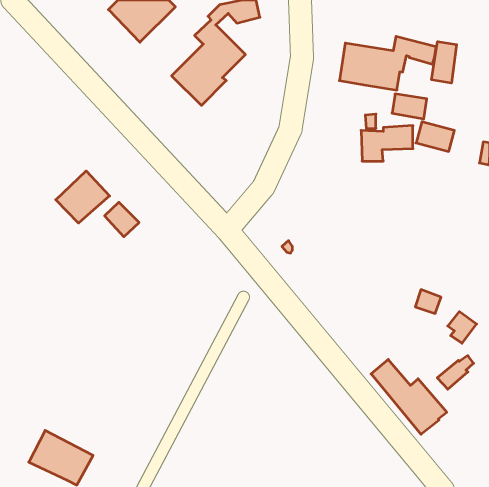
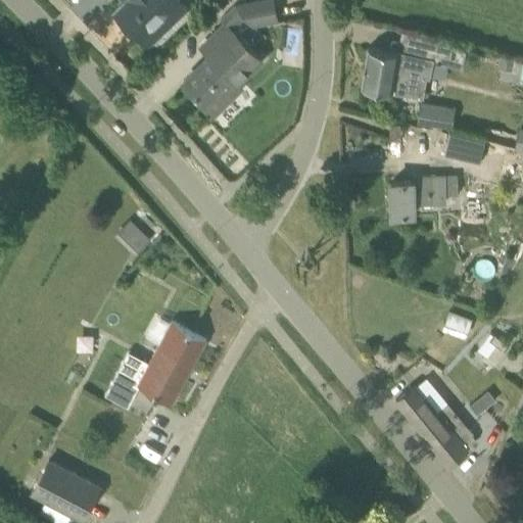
building: [432,42,457,83] -> none
building: [361,126,413,161] -> [392,178,447,216]
building: [56,171,110,223] -> none
building: none -> [105,323,206,409]

